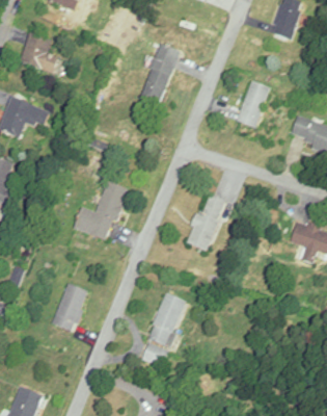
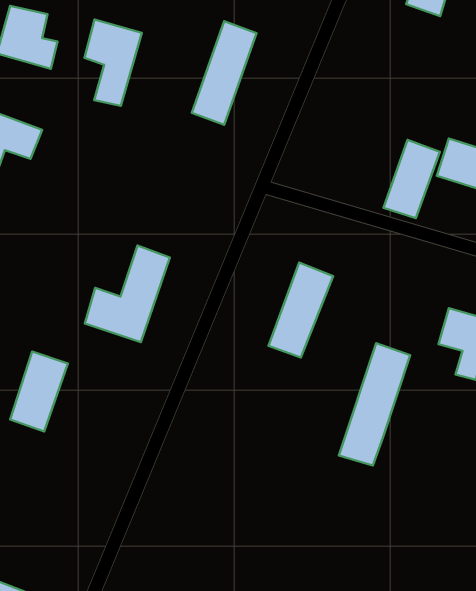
building: none -> [84,19,142,106]
building: [237,79,271,127] -> [384,140,440,218]
building: [53,282,88,331] -> [10,352,68,431]
building: [142,290,186,365] -> [339,343,410,466]

